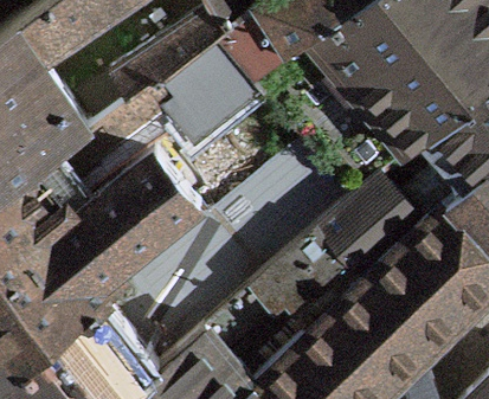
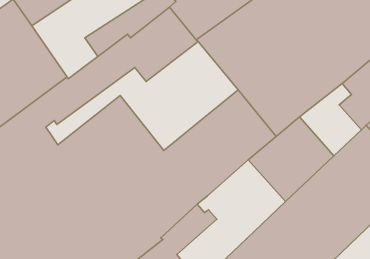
building: [269,237,368,337] -> none

